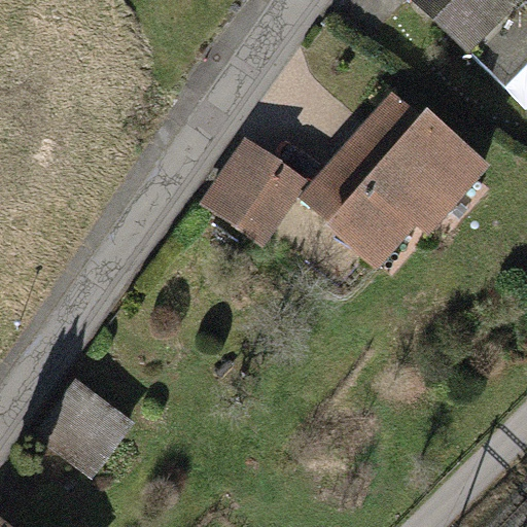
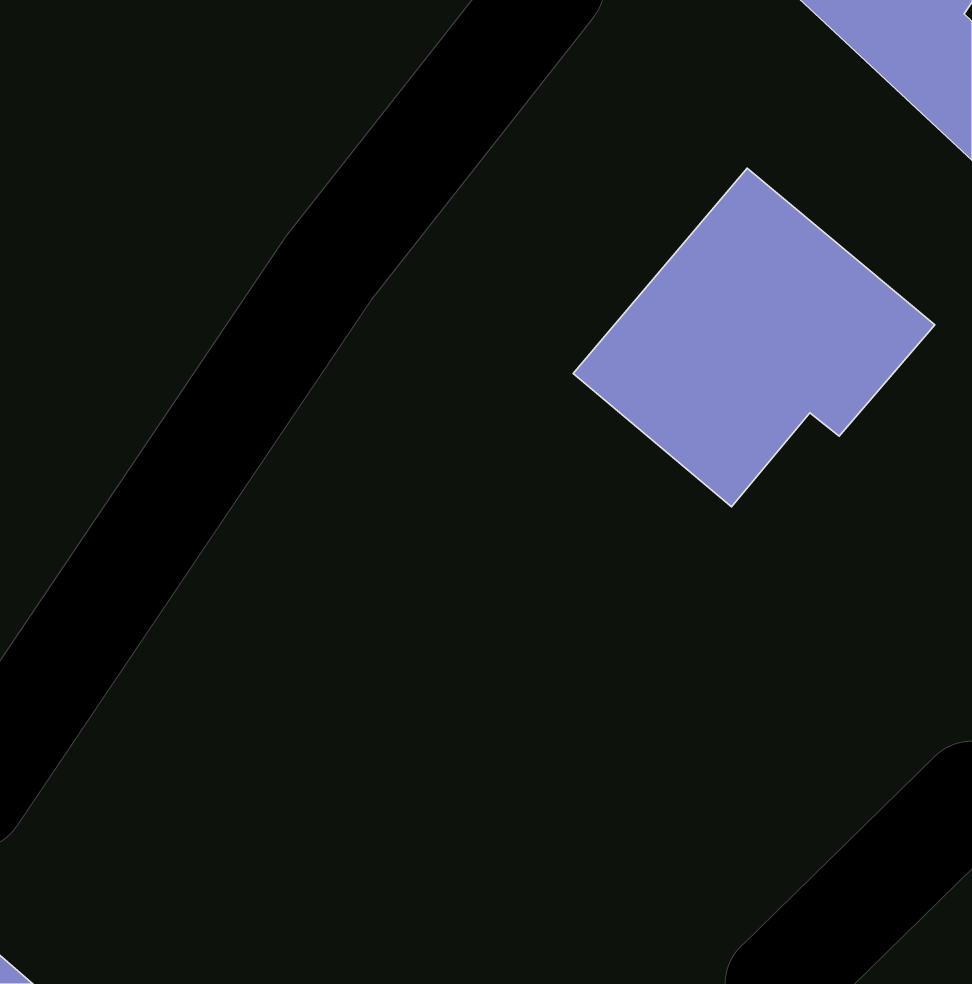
building: [204,138,307,237] -> none
building: [33,384,116,468] -> none

